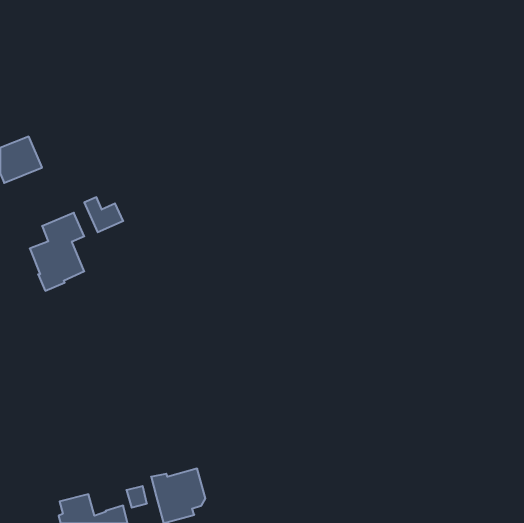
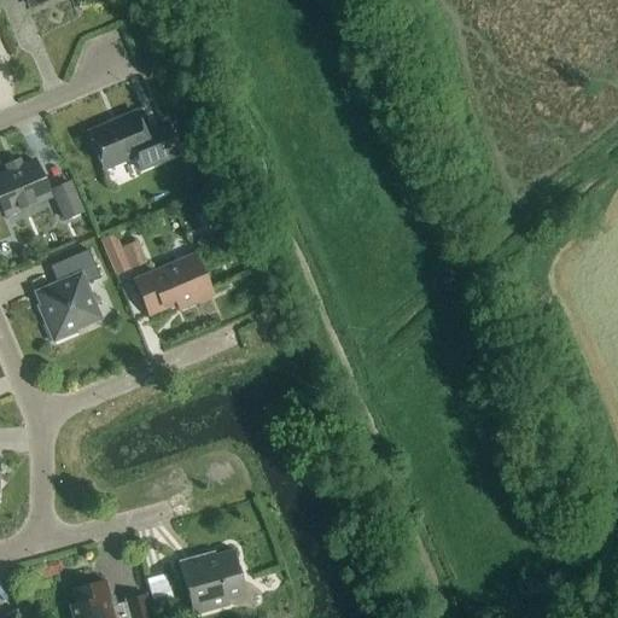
building: none -> [88,113,180,170]
building: none -> [51,179,83,220]
building: none -> [134,253,212,316]

